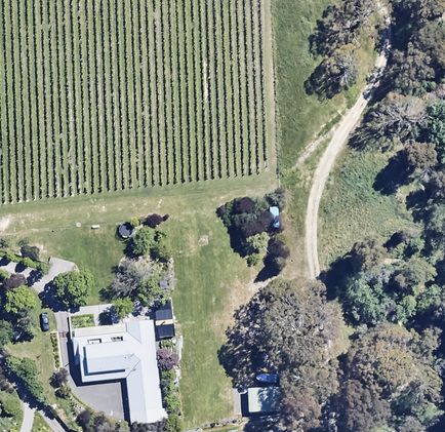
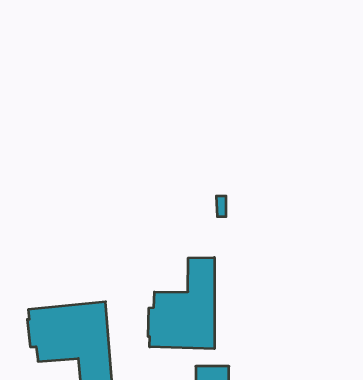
building: none -> [148,257,214,349]

